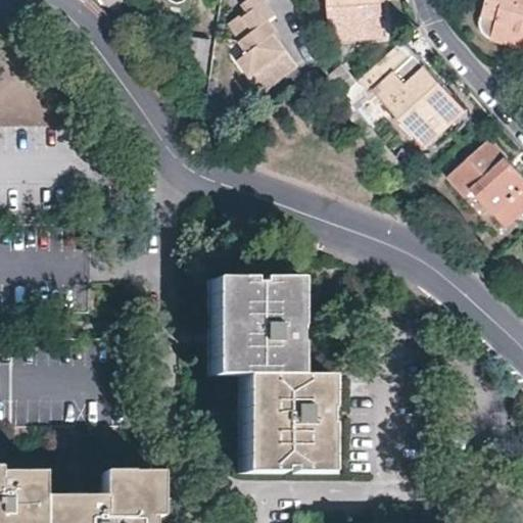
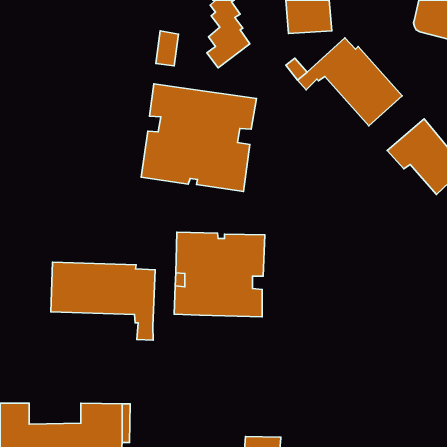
building: none -> [141,84,257,192]
building: none -> [51,262,155,340]
building: [232,369,337,469] -> none

